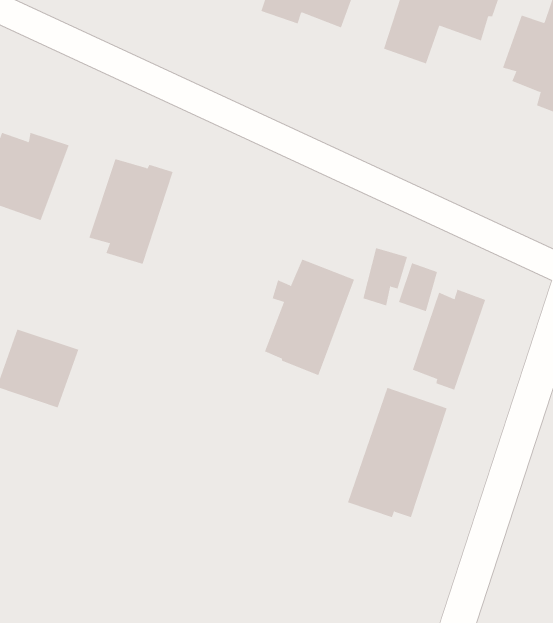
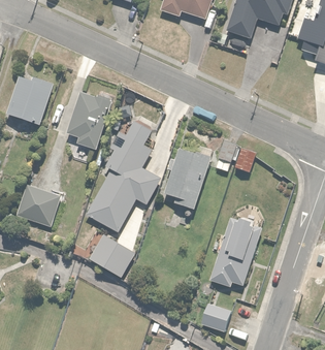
building: none -> [86,118,161,231]
building: [412,289,486,391] -> none
building: none -> [89,232,136,277]
building: none -> [202,303,234,332]

